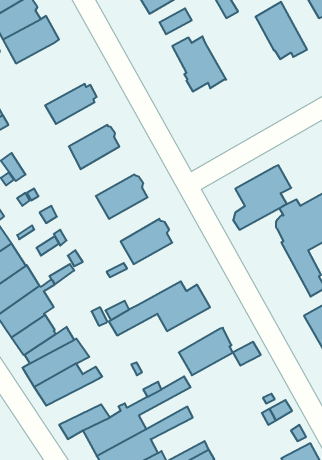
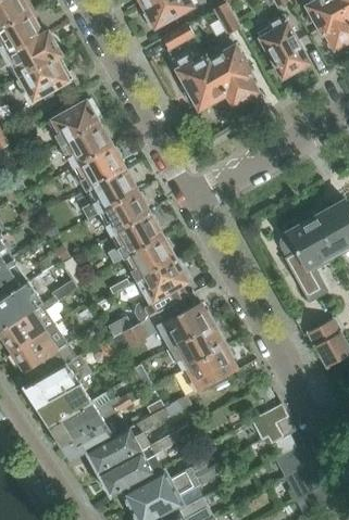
building: none -> [209,45,259,104]
building: none -> [17,58,71,102]
building: none -> [58,118,110,163]
building: none -> [83,163,137,218]
building: [233,165,291,230] -> [134,257,192,322]
building: none -> [109,214,162,263]
building: none -> [170,325,223,370]
building: none -> [48,396,132,443]

